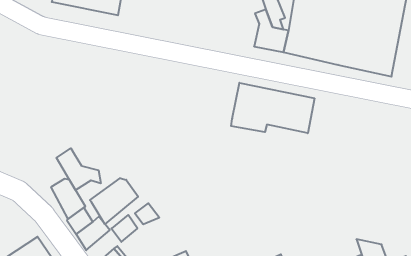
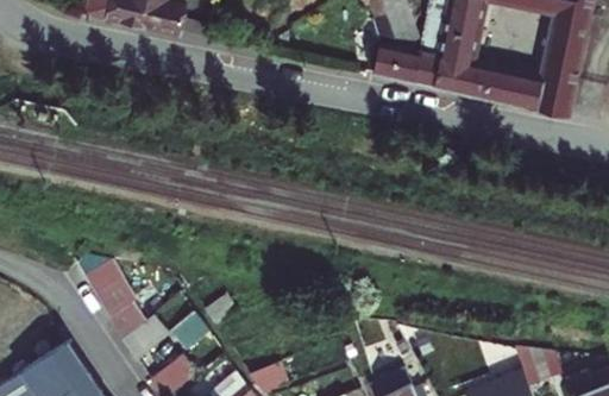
building: [231,83,314,133] -> none
building: [56,148,101,190] -> none
building: [90,178,138,224] -> none

